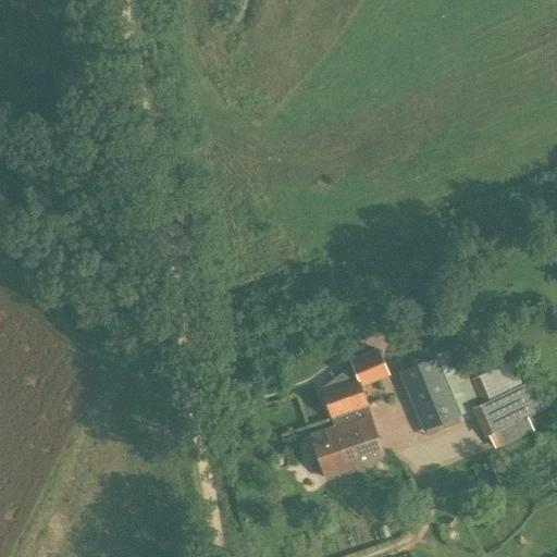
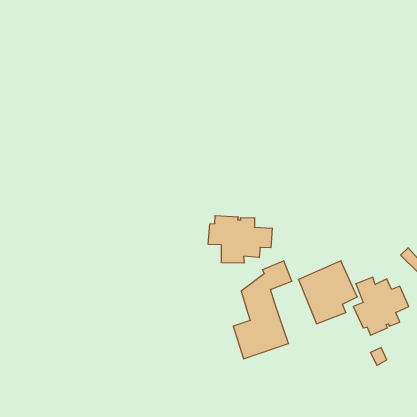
building: none -> [208,216,272,263]

